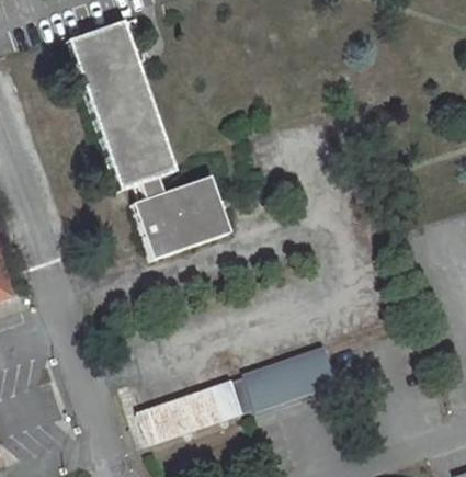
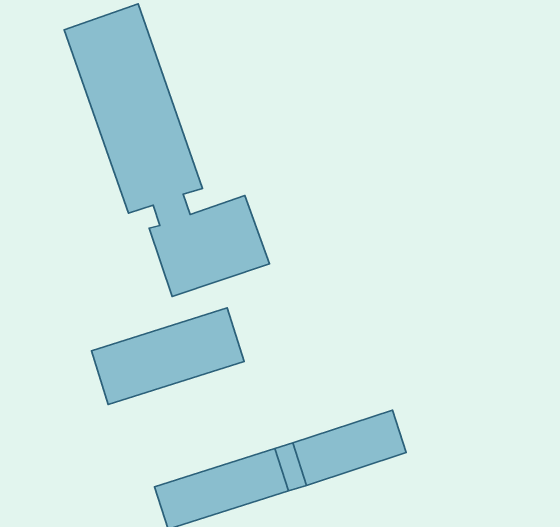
building: none -> [91,308,244,405]

